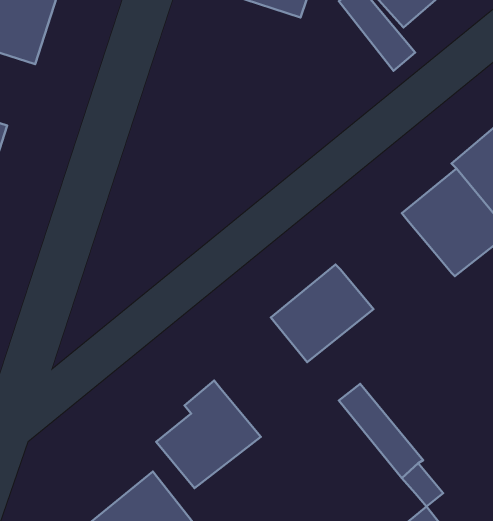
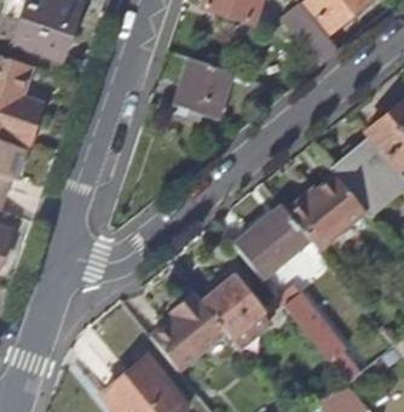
building: none -> [180,59,235,115]
building: none -> [285,174,367,251]
building: none -> [198,271,265,337]

